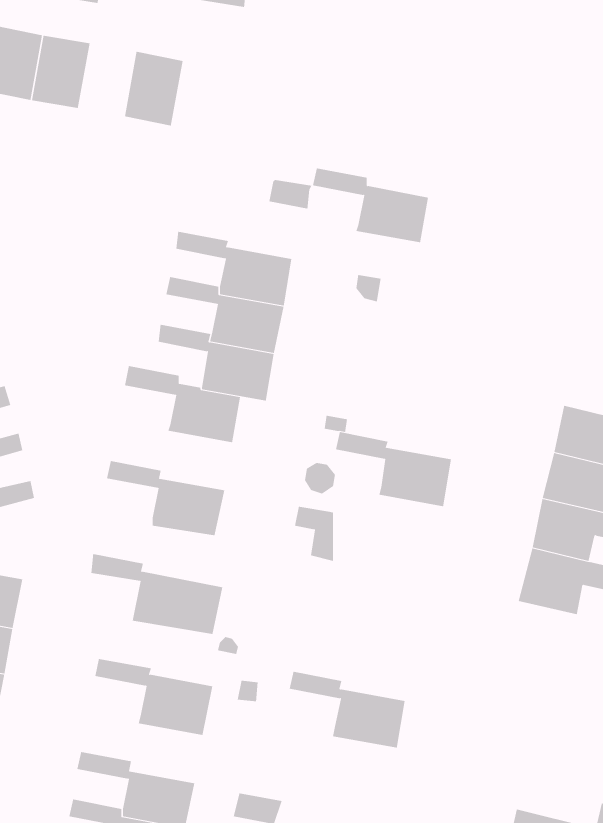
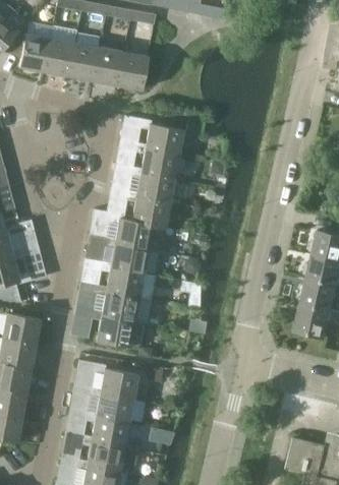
building: none -> [68,43,98,80]
building: none -> [116,52,148,89]
building: [312,168,429,243] -> [122,115,182,154]
building: [335,432,452,507] -> [88,234,148,272]
building: none -> [78,282,150,322]
building: [289,671,406,748] -> [72,383,132,423]

